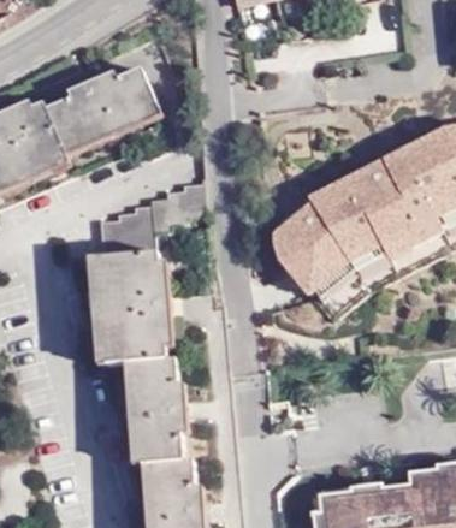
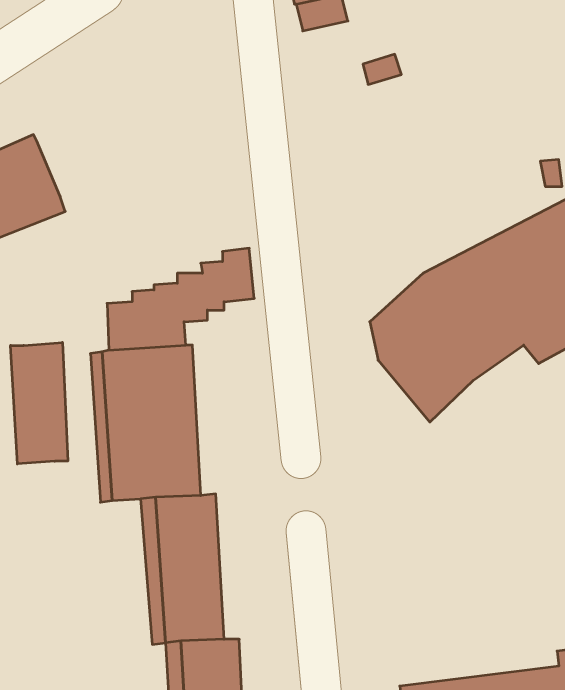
building: [48,64,161,142] -> none
building: none -> [11,342,68,464]

